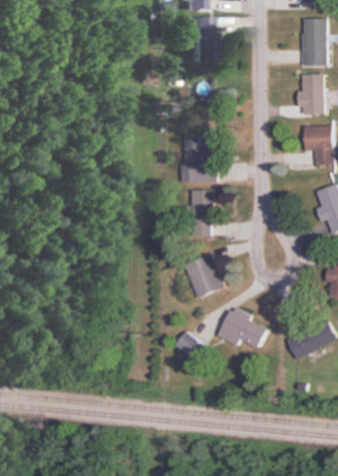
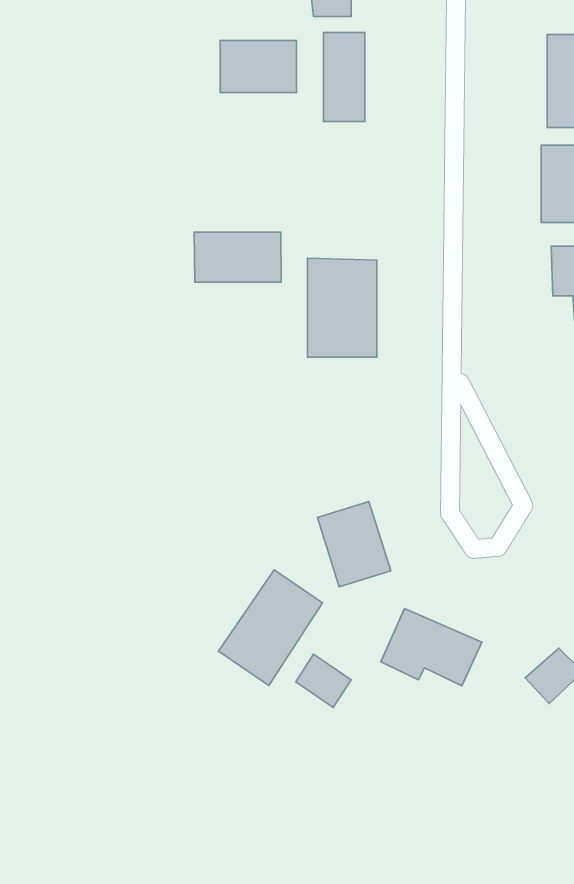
building: none -> [220,41,297,93]
building: none -> [194,232,281,282]
building: [191,190,212,240] -> none
building: none -> [219,570,322,686]

